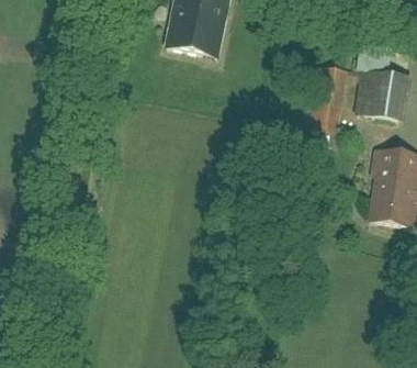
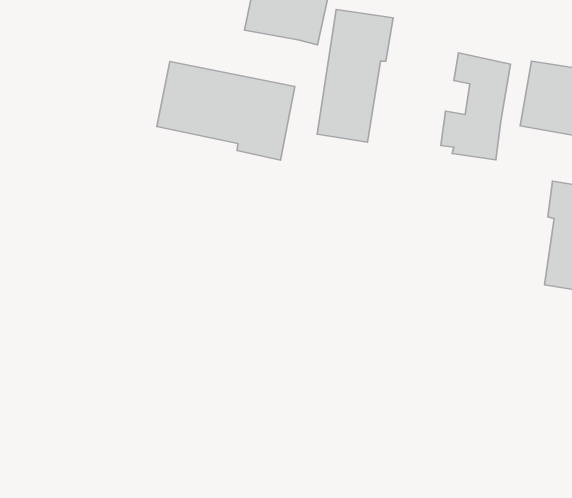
building: none -> [317,10,393,142]
building: none -> [157,61,295,160]

